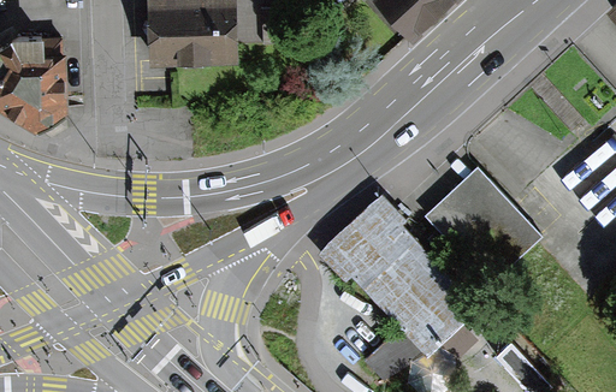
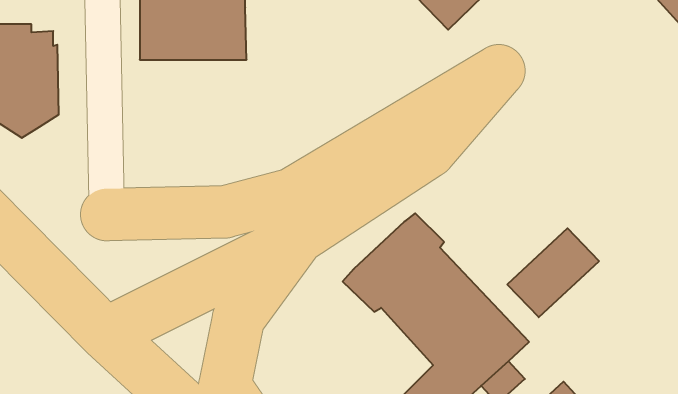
building: [425,168,515,259] -> none

